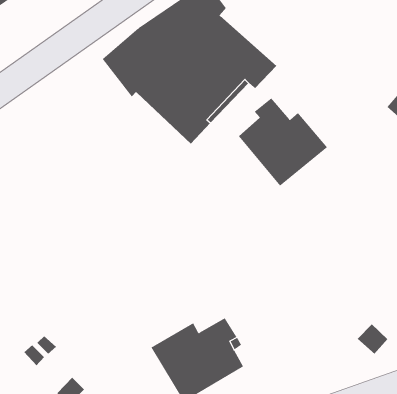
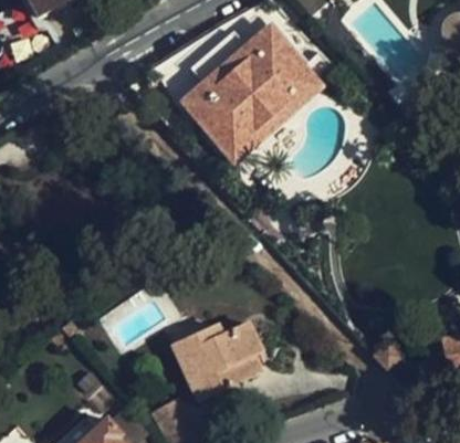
building: [238,98,328,187] -> none

